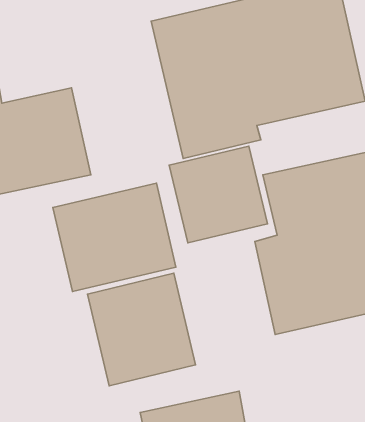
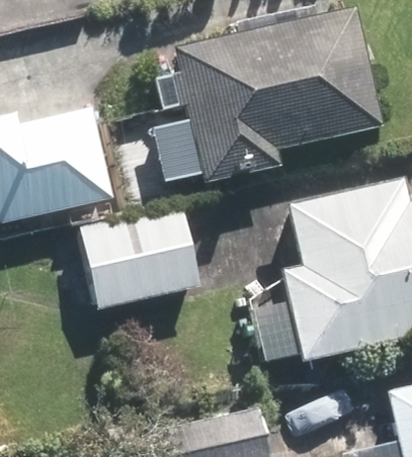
building: [169,146,267,243] -> none
building: [88,273,196,386] -> none

